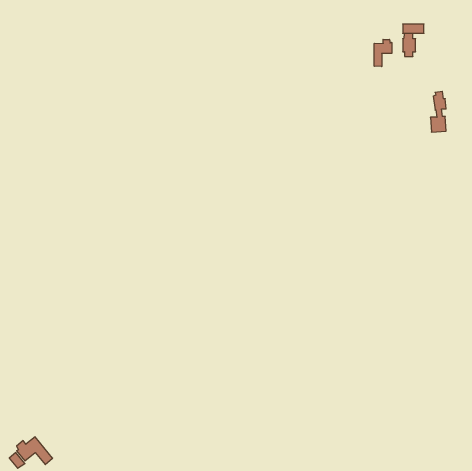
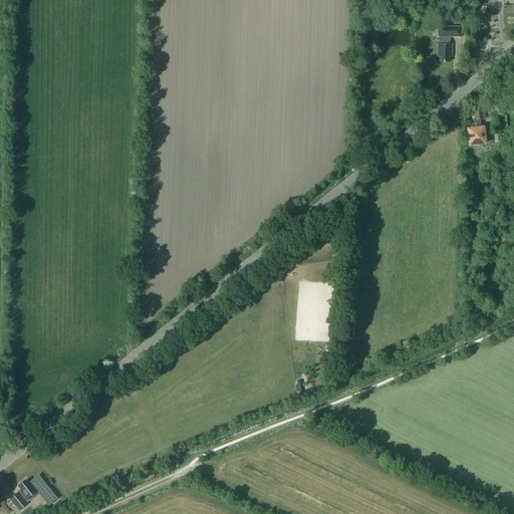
building: [374,39,392,67] -> none

